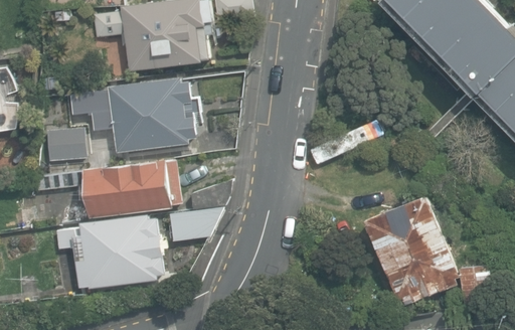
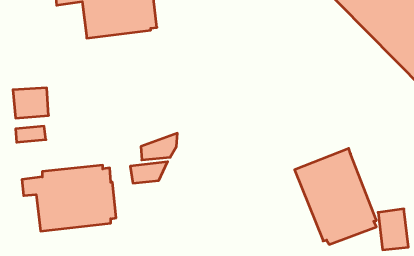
building: [66,77,196,153] -> none
building: [82,160,181,218] -> none

